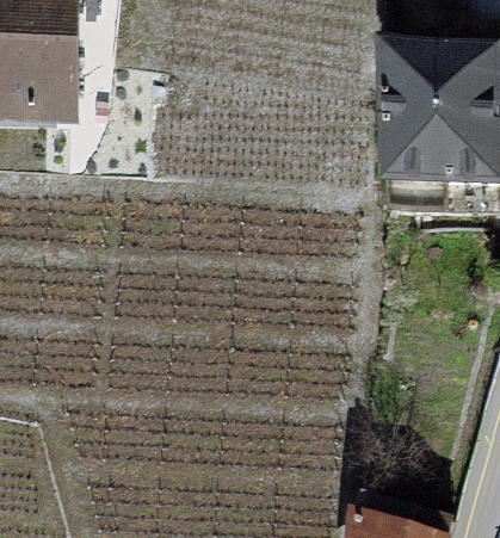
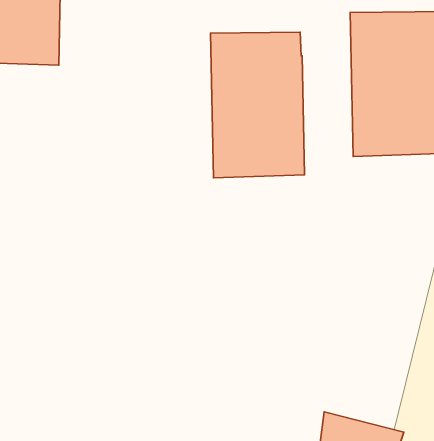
building: none -> [210,32,304,178]

